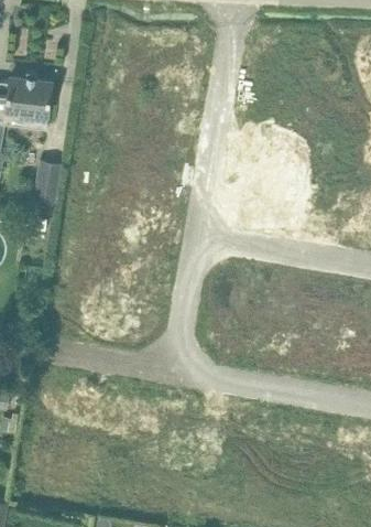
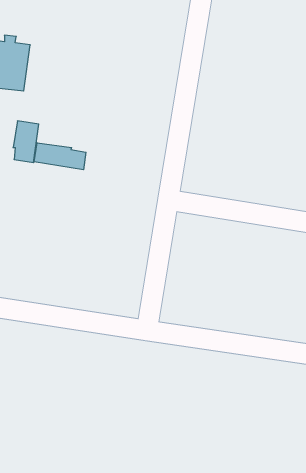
building: none -> [34,143,86,170]

